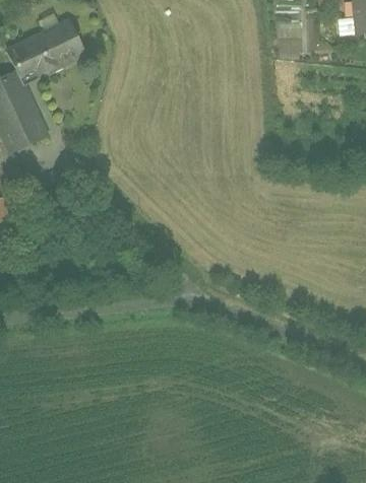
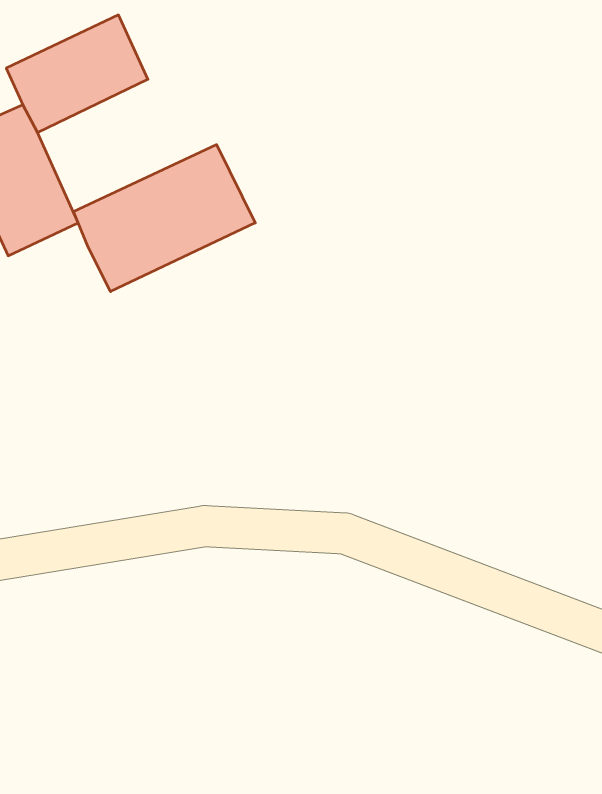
building: none -> [73,145,255,292]

